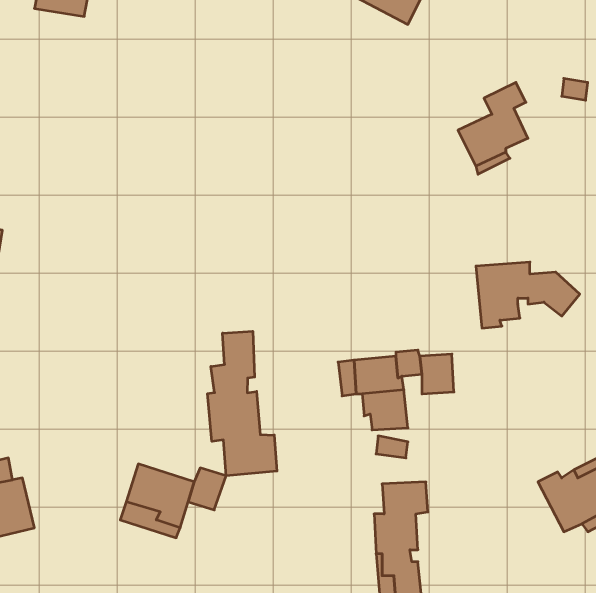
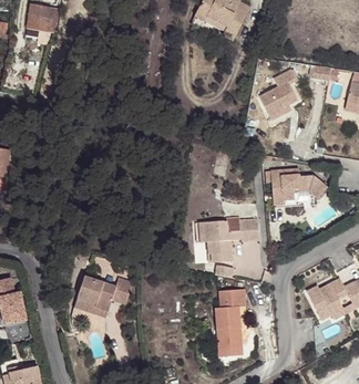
building: [208,331,277,476] -> none

